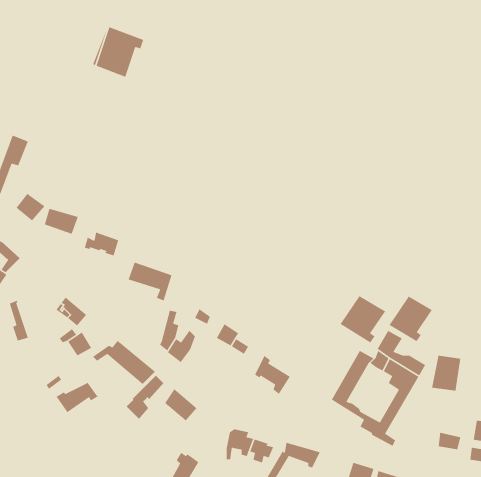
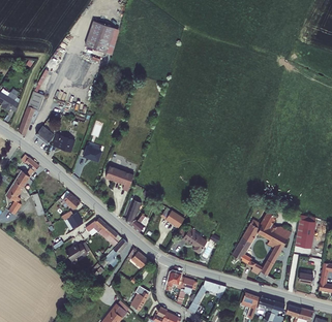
building: [339,295,386,343] -> none
building: [389,295,433,342] -> none

